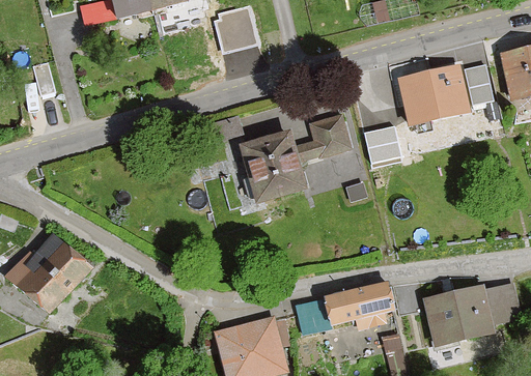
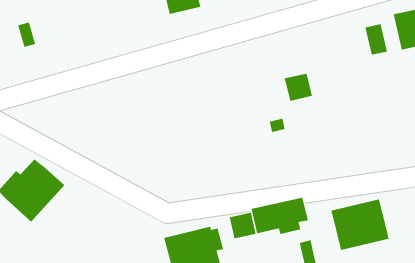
building: [397,64,468,122] -> none
building: [237,113,352,203] -> none
building: [485,284,521,324] -> none

